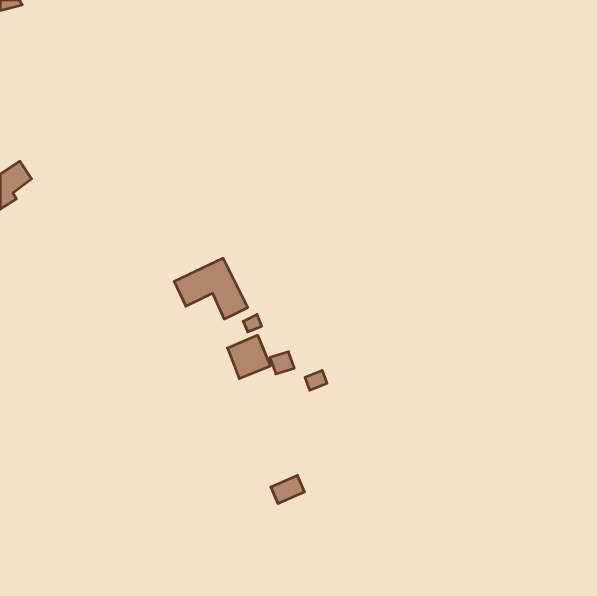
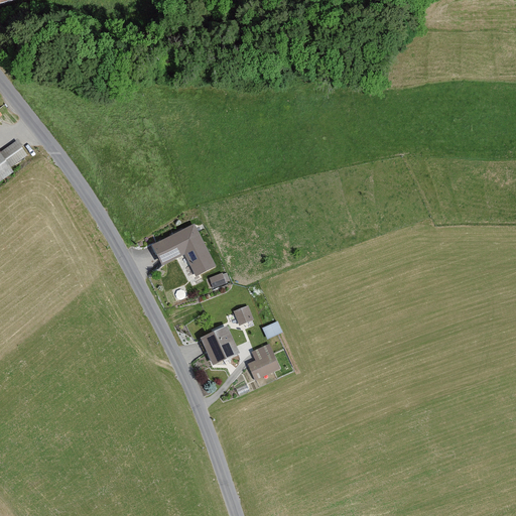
building: [227,335,271,379] -> [200,327,237,364]
building: [271,475,305,503] -> [248,354,277,378]

